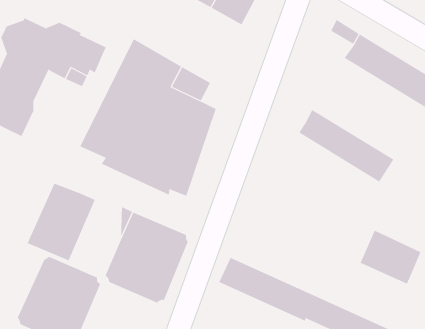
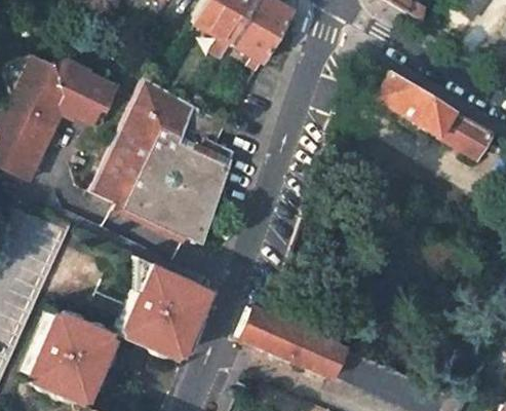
building: [298,109,394,182] -> none
building: [27,183,95,261] -> none
building: [360,230,421,285] -> none

